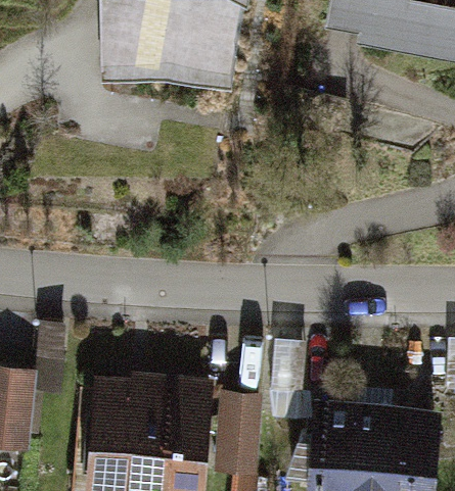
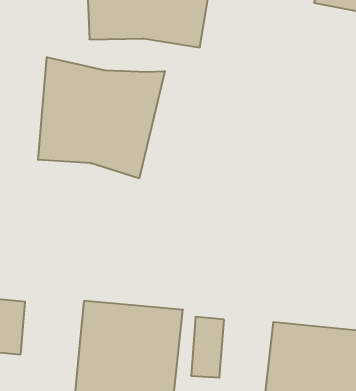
building: none -> [38,57,165,178]

